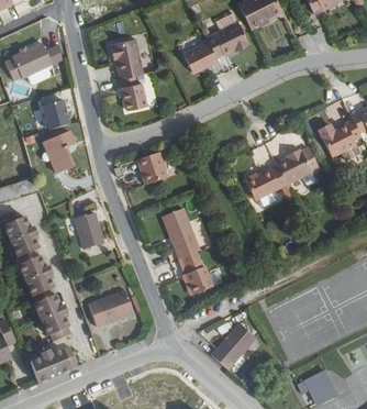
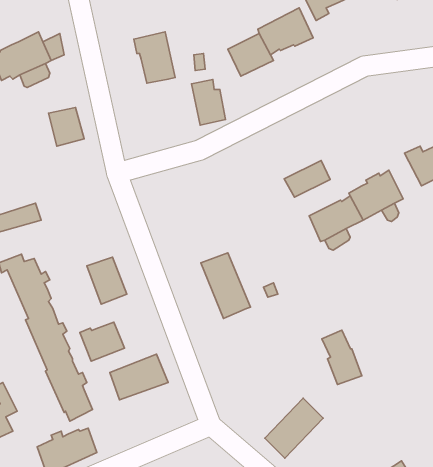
building: [120,76,146,111] -> [191,79,226,125]
building: [44,130,71,172] -> none
building: none -> [284,160,330,197]
building: [137,153,167,185] -> none
building: [181,253,212,295] -> [322,330,362,384]
building: none -> [80,322,124,361]

